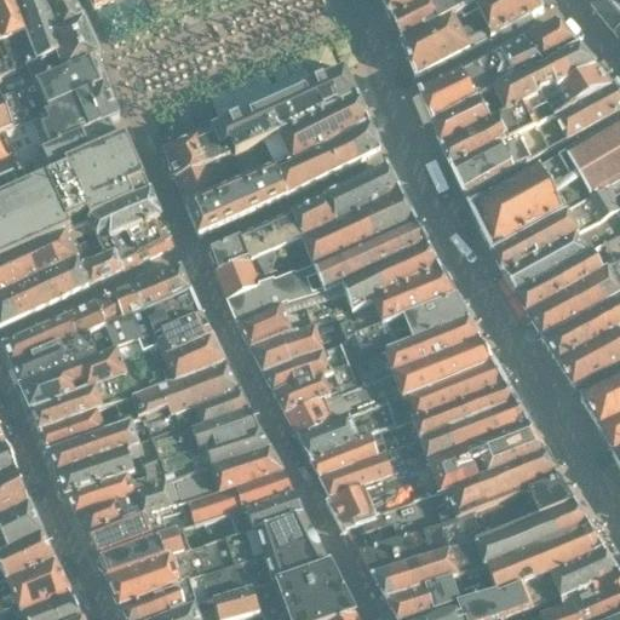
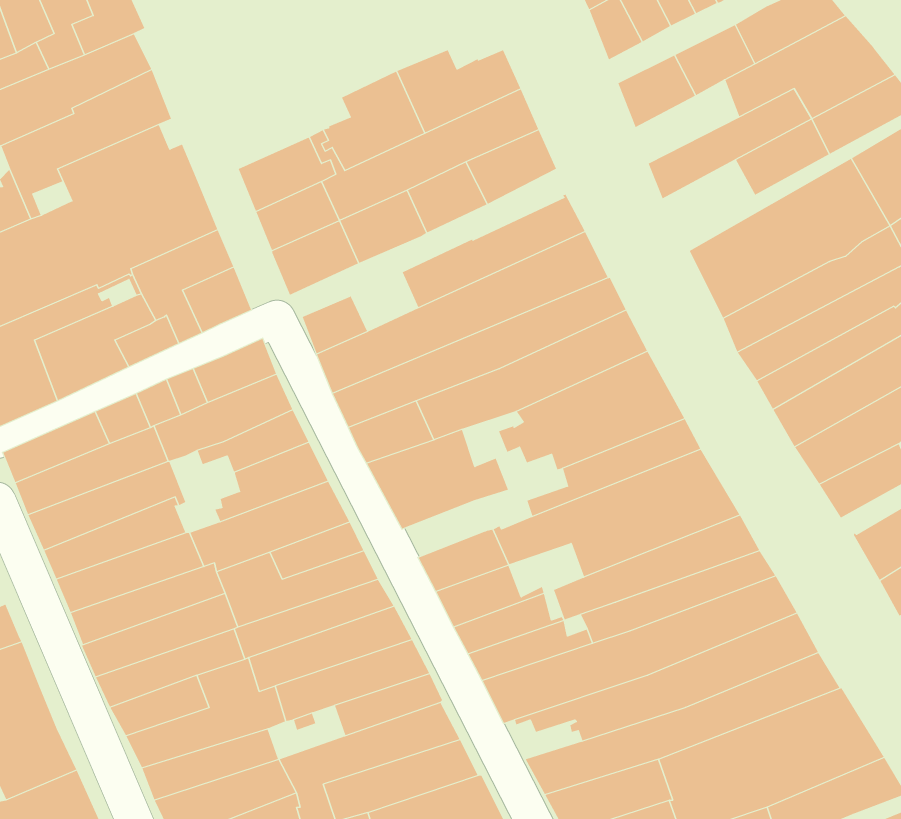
building: [434,86,504,143] -> none
building: [452,140,515,193] -> none
building: [241,217,286,257] -> none
building: [275,372,332,411] -> none

